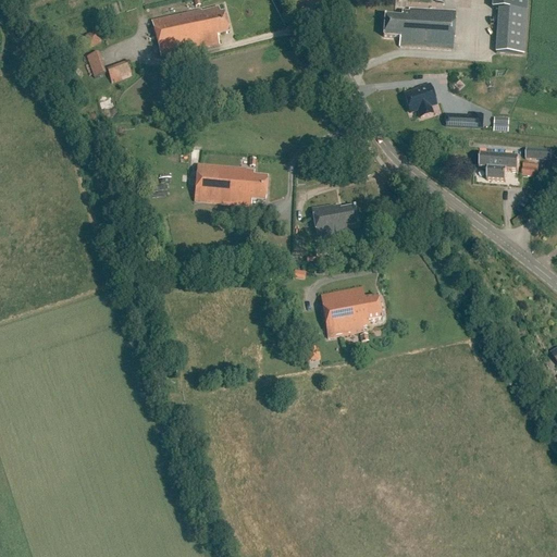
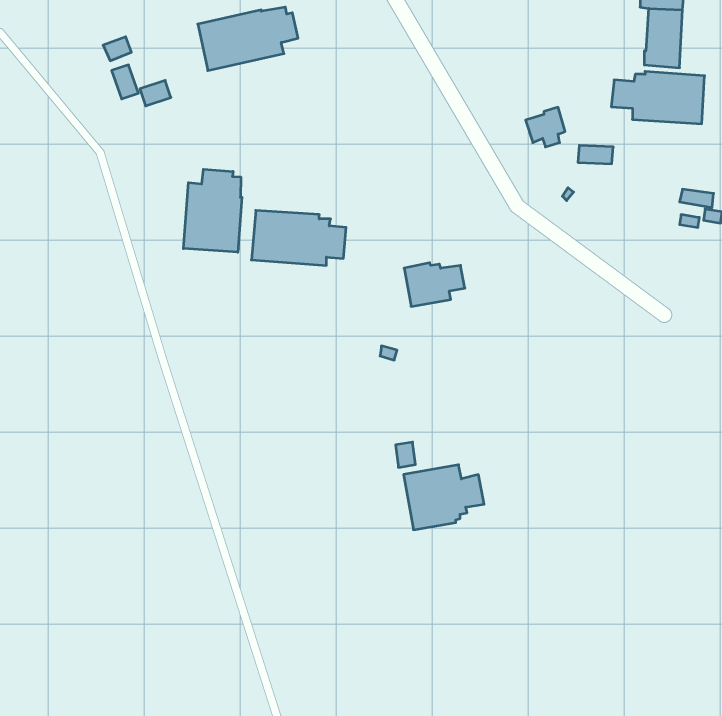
building: [383,7,455,47] -> [611,71,705,124]
building: none -> [183,169,242,252]
building: [480,152,519,180] -> none
building: [320,286,382,336] -> [404,465,484,530]

